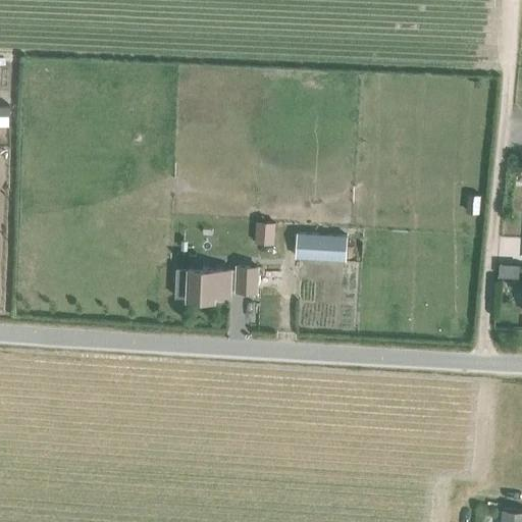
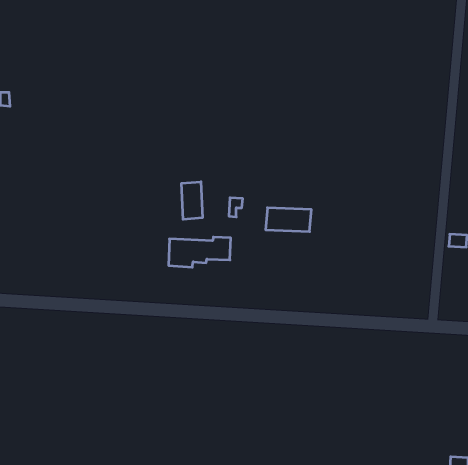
building: none -> [182,182,202,219]

